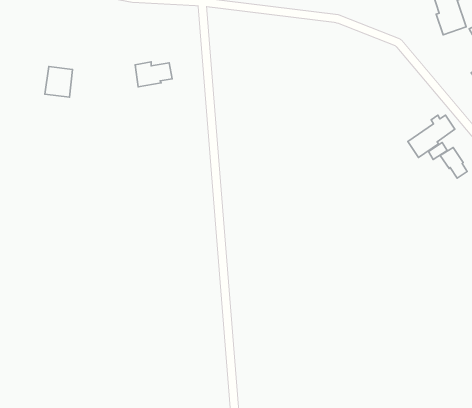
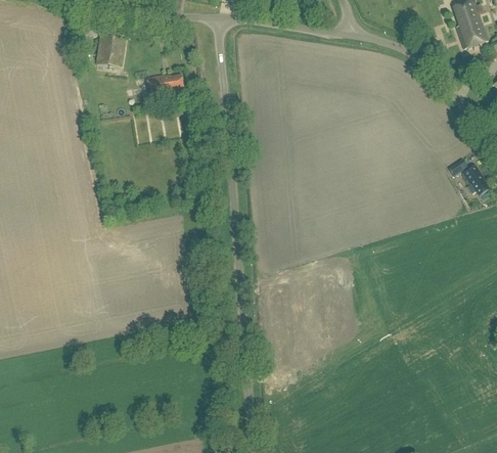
building: [45,66,73,97] -> [95,35,124,66]
building: [408,115,455,158] -> none

